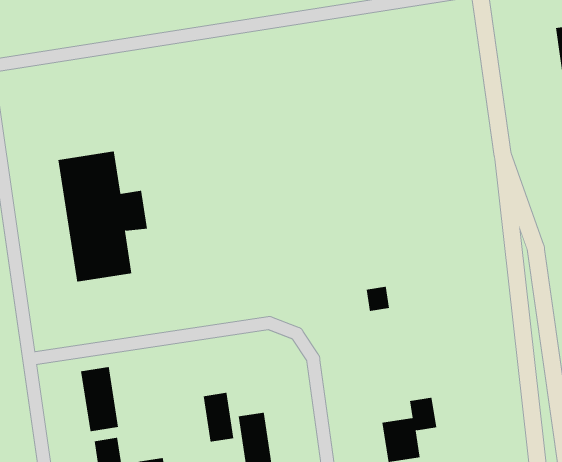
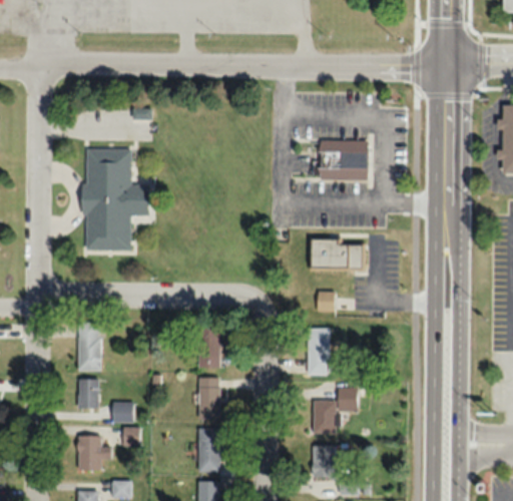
building: none -> [292,138,369,180]
building: none -> [311,240,363,270]
building: none -> [308,328,330,376]
building: [203,392,234,442] -> [199,330,219,368]

